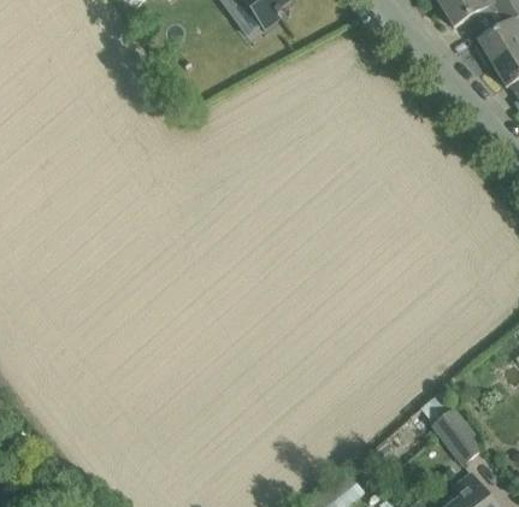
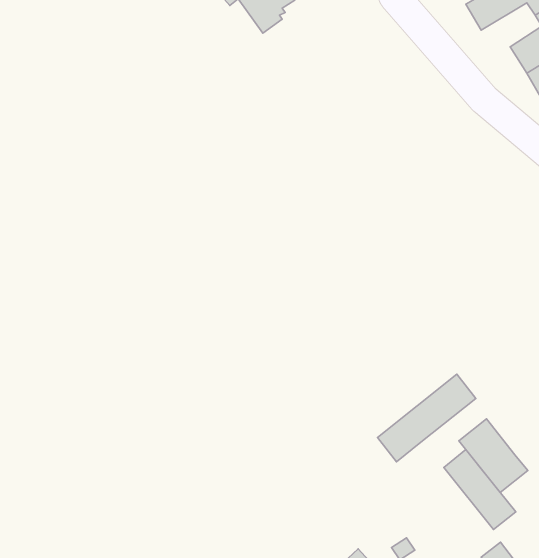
building: none -> [377,374,476,462]
building: none -> [459,419,528,492]

